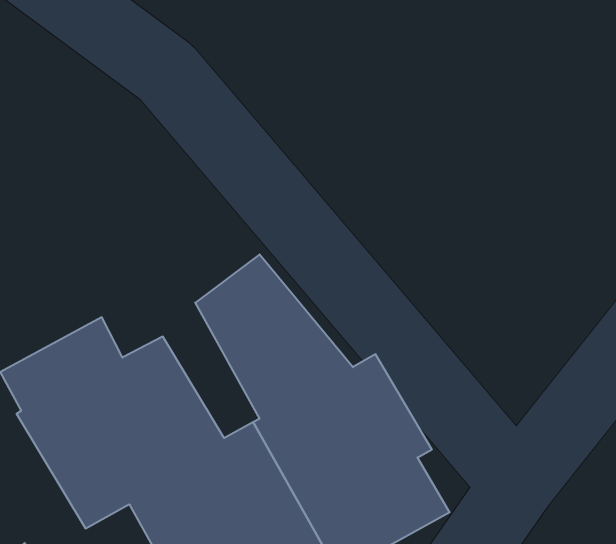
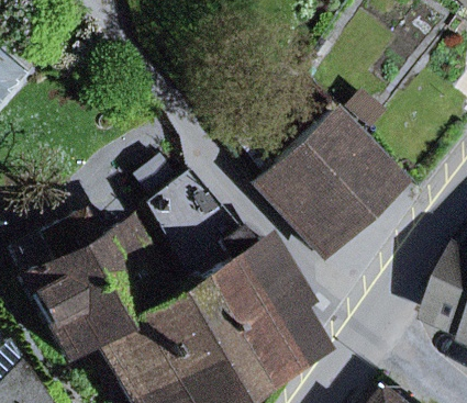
building: none -> [259,119,400,259]

